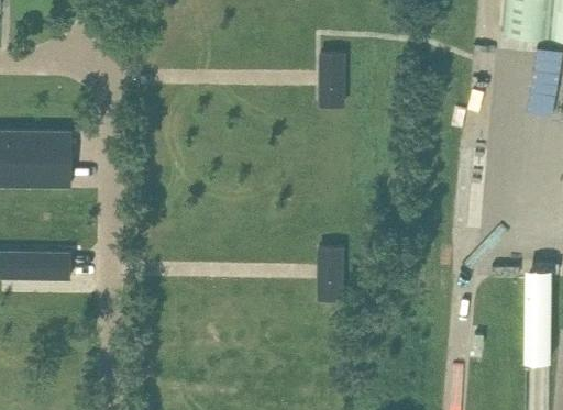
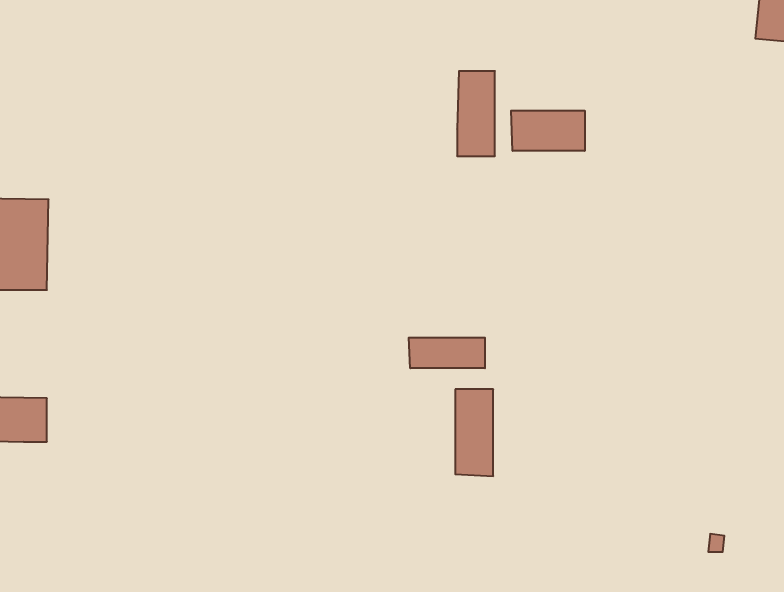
building: none -> [511,111,585,151]
building: none -> [409,338,485,368]

